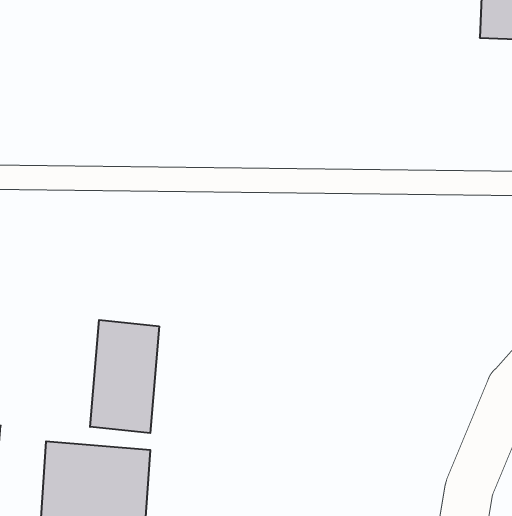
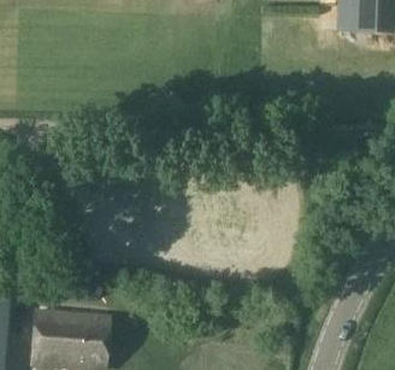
building: [90,320,159,433] -> none

